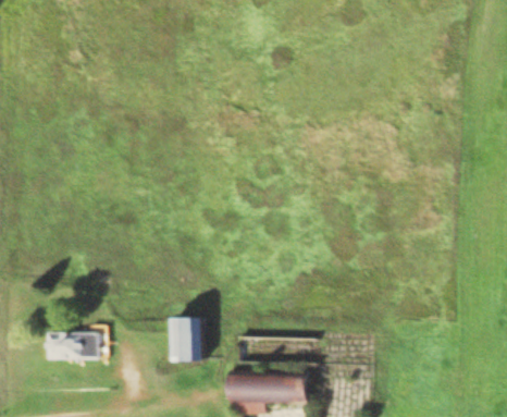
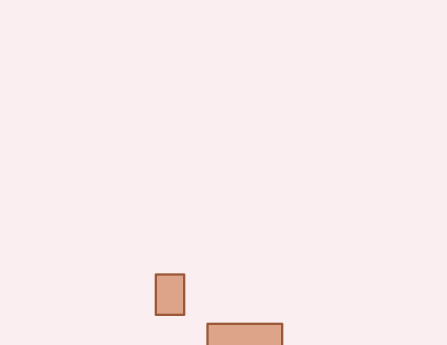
building: [45,332,98,359] -> none

